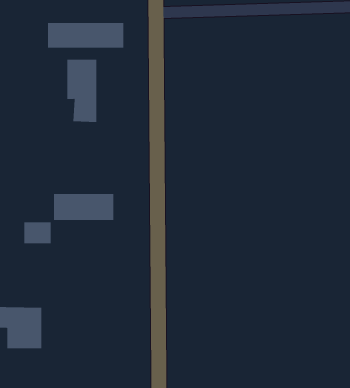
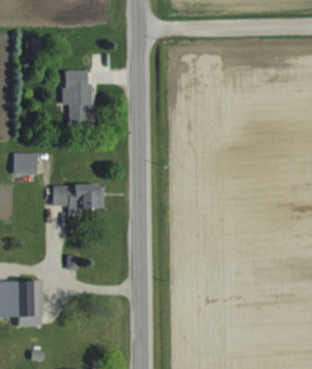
building: [47,22,124,48] -> none
building: [23,222,52,244] -> [13,154,37,173]

